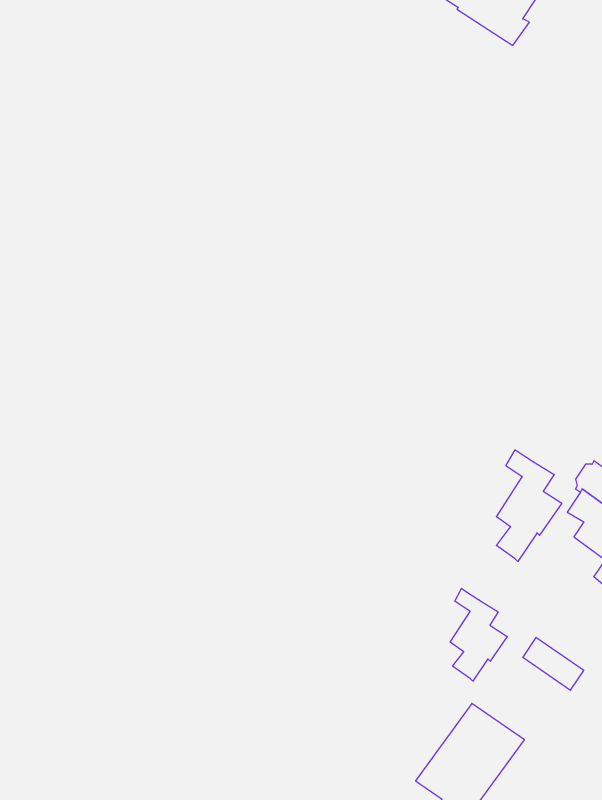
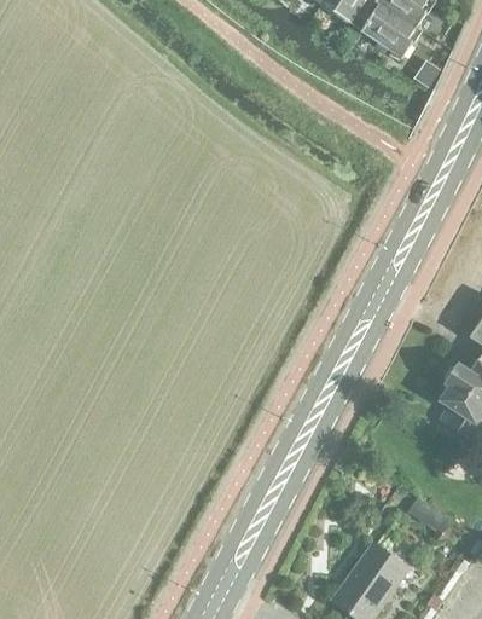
building: [496,450,562,561] -> none
building: [450,588,507,681] -> none

